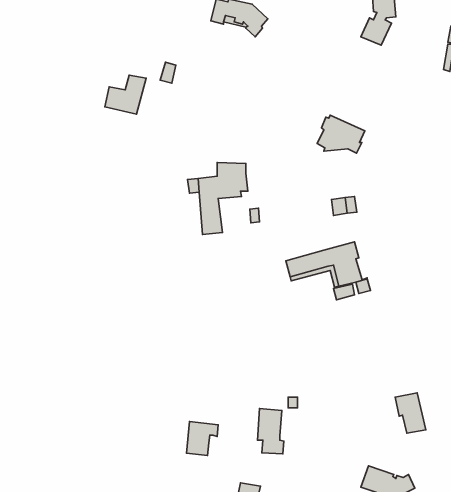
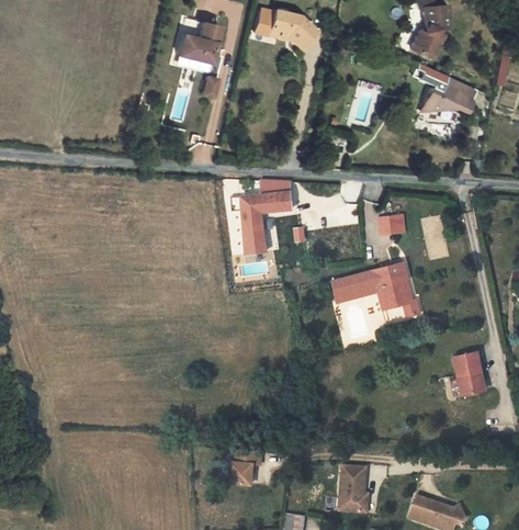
building: [105,75,146,114] -> [177,22,219,63]
building: [317,115,365,153] -> [425,72,474,112]
building: [395,393,426,433] -> [454,352,486,394]
building: [258,408,284,454] -> [341,464,369,511]

